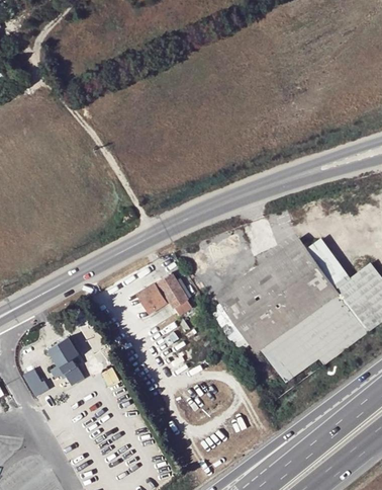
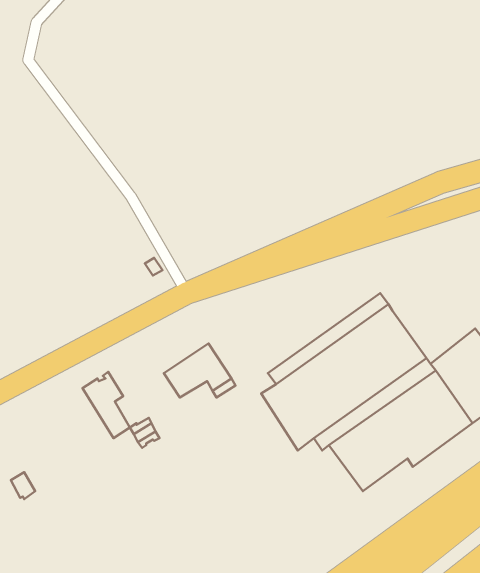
building: [307,239,346,283] -> none
building: [47,336,83,386] -> [82,372,130,438]

